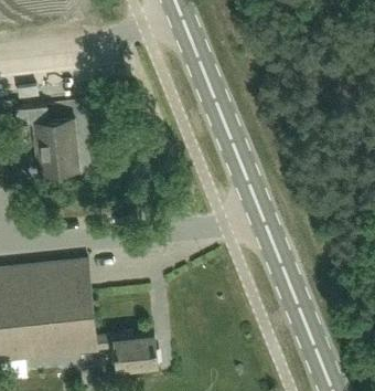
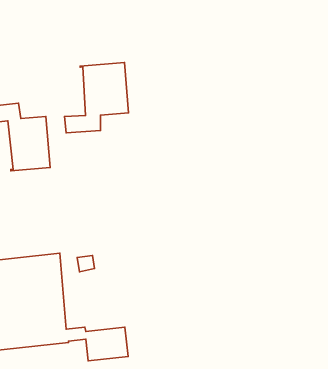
building: none -> [64,62,129,133]

